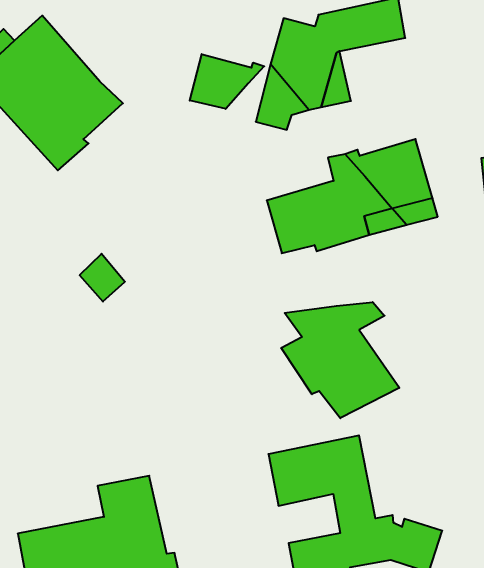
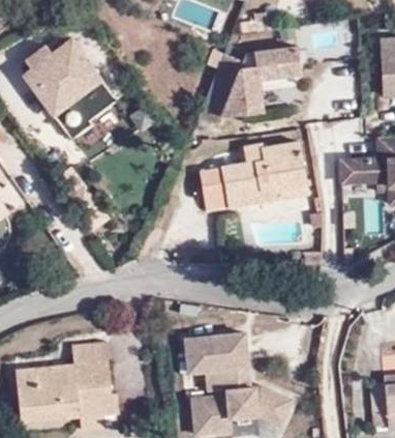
building: [190,54,264,109] -> none
building: [281,302,399,418] -> none

